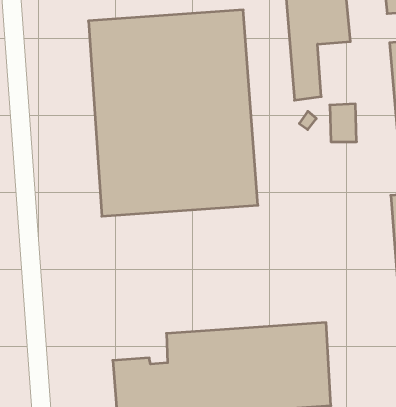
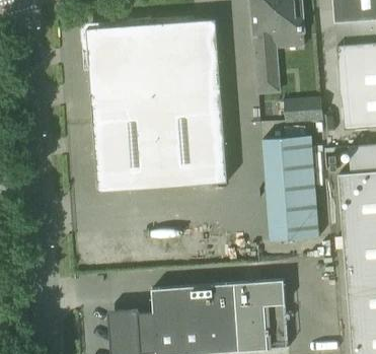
building: none -> [262,135,318,240]

